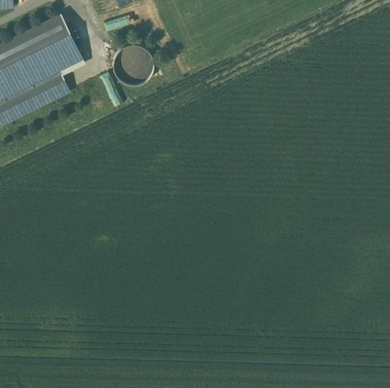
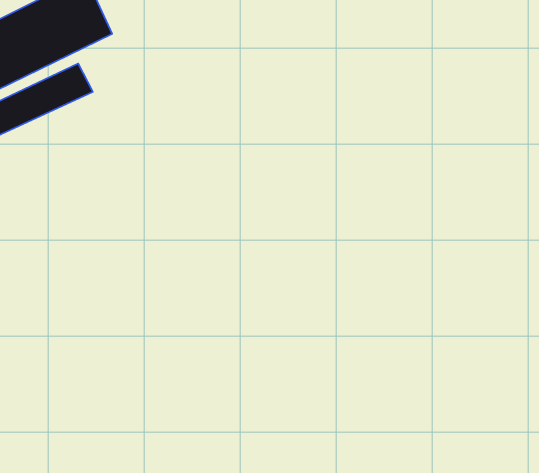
building: [116,46,150,79] -> none

